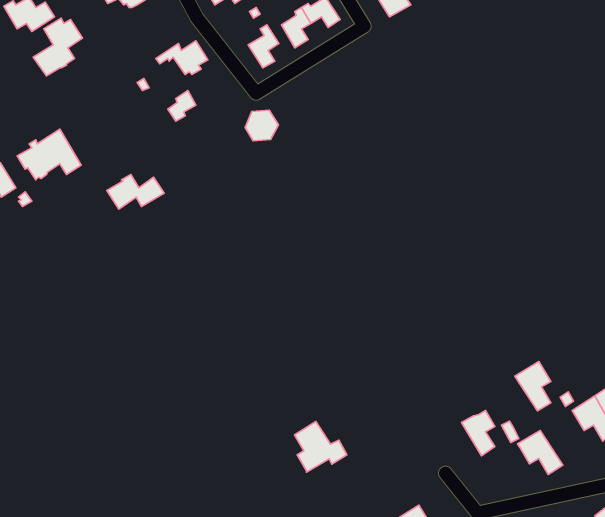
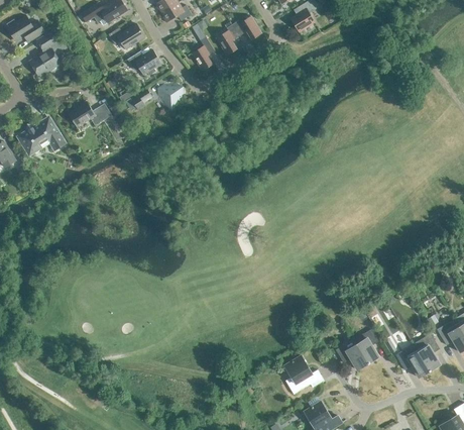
building: none -> [109,23,145,49]
building: [245,110,279,141] -> [158,83,184,106]
building: [107,174,164,209] -> [69,101,112,127]
building: [515,361,551,411] -> [413,333,440,370]
building: [295,421,347,472] -> [284,355,324,394]
building: none -> [336,338,368,369]

